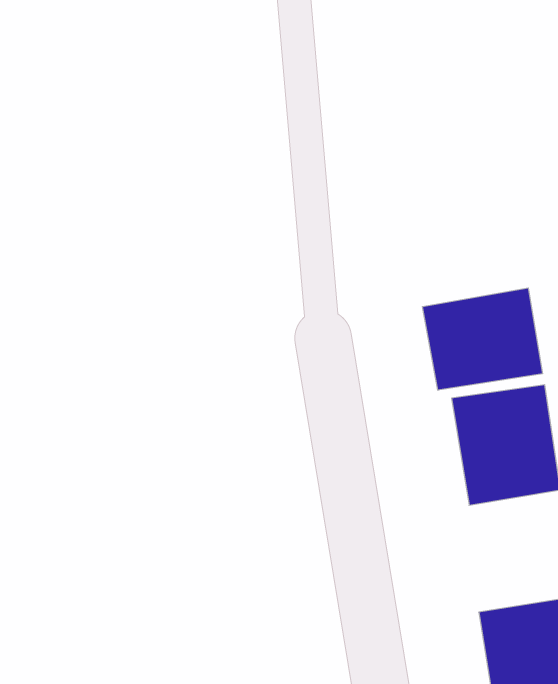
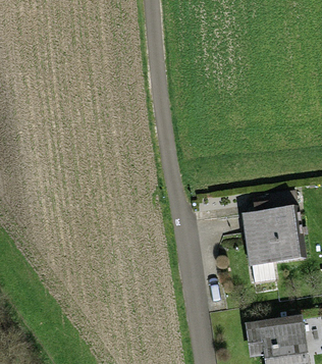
building: [422,288,542,390] -> none

